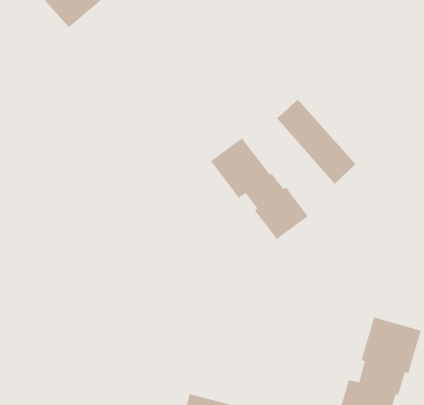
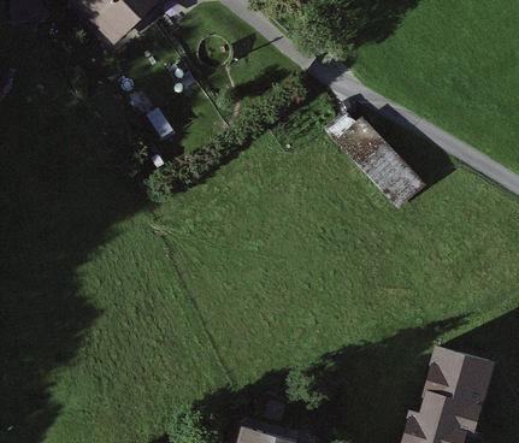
building: [210,137,308,240] -> none

